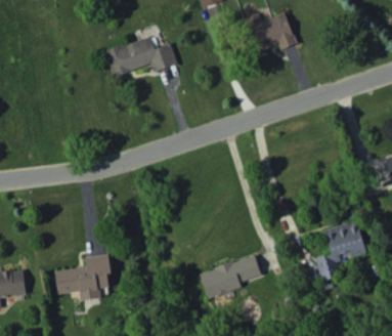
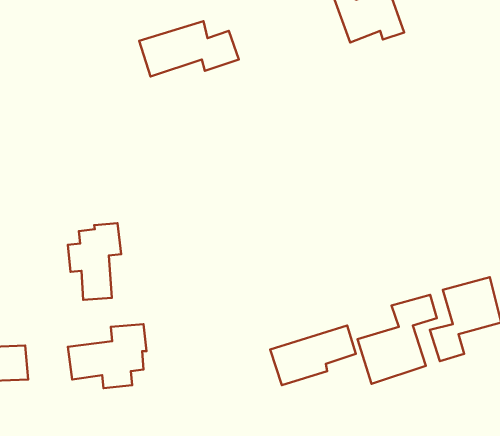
building: none -> [68,223,121,300]
building: none -> [357,295,437,384]

